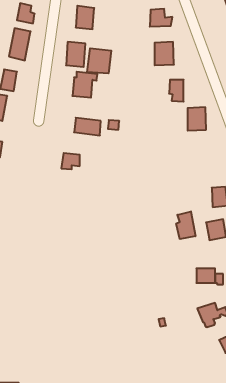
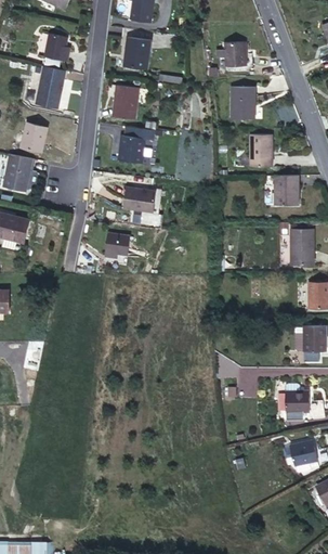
building: [87,48,111,73] -> none
building: none -> [288,227,314,261]
building: [176,211,195,239] -> none

